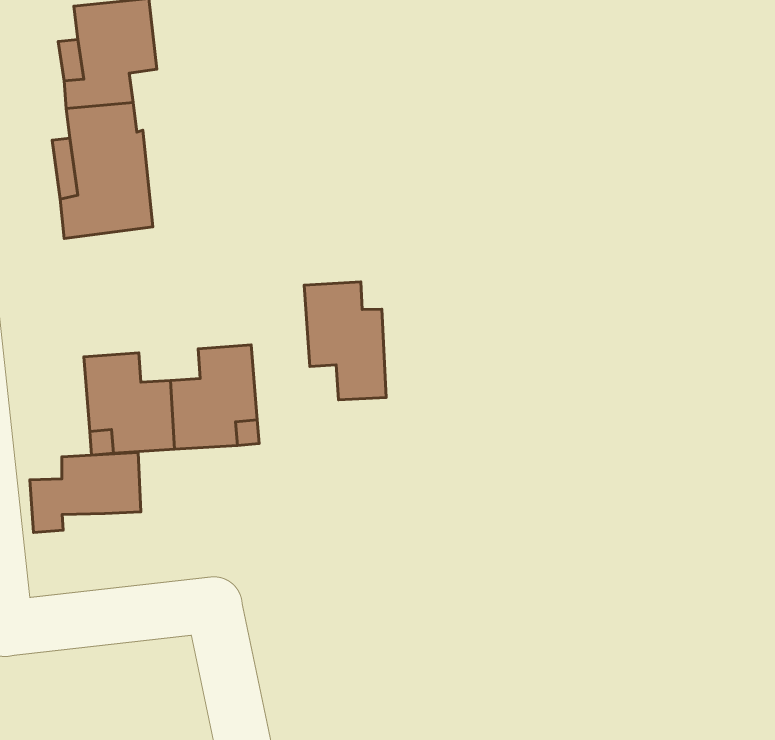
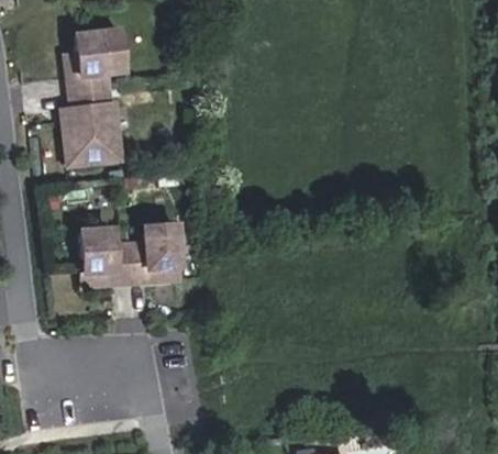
building: [304,282,386,400] -> none
building: [30,453,141,533] -> none

